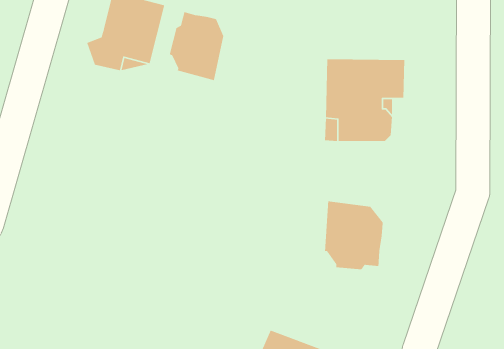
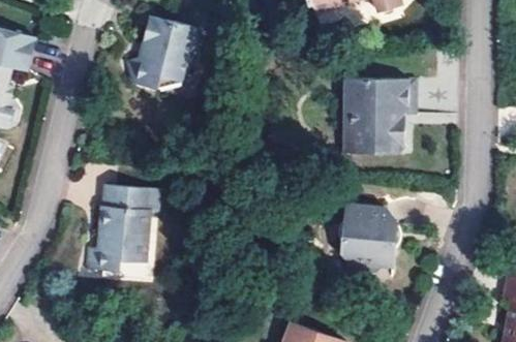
building: [169,11,224,81] -> none
building: none -> [86,186,158,272]

